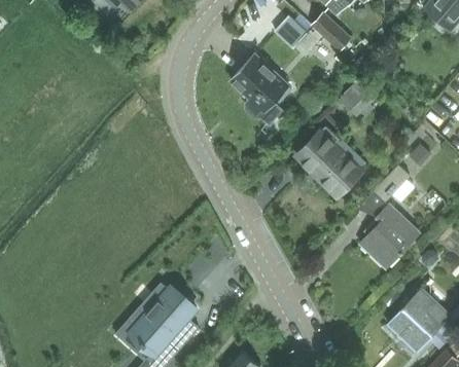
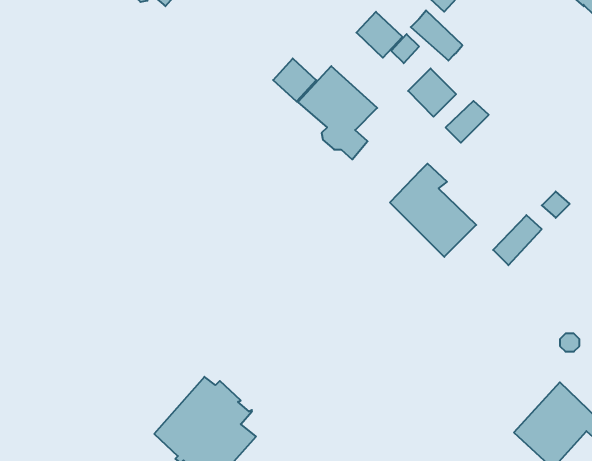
building: none -> [273,58,316,102]
building: none -> [408,68,456,117]
building: [359,204,420,269] -> none

